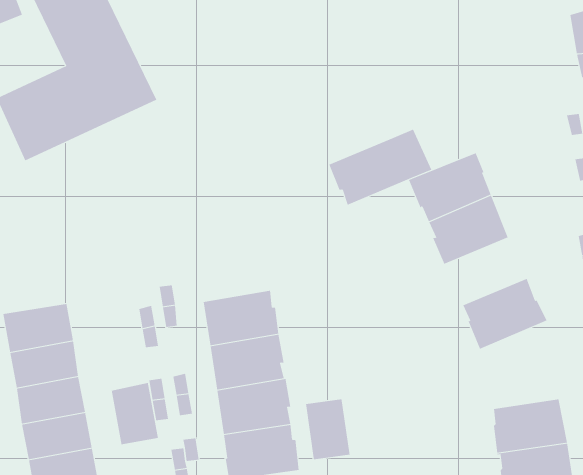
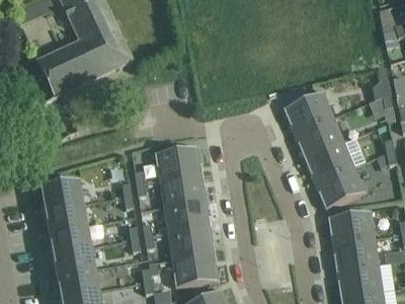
building: [329,129,432,205] -> [304,137,366,182]
building: none -> [154,146,200,180]
building: none -> [327,210,373,244]
building: [111,382,159,445] -> none
building: [305,398,350,460] -> none

